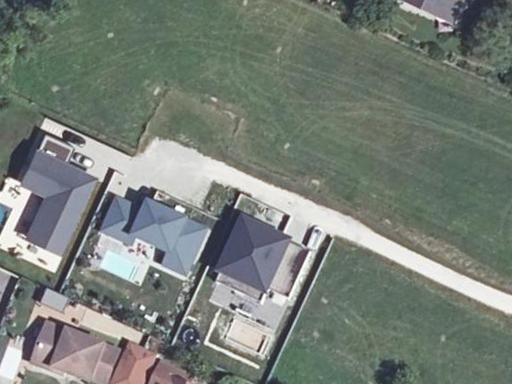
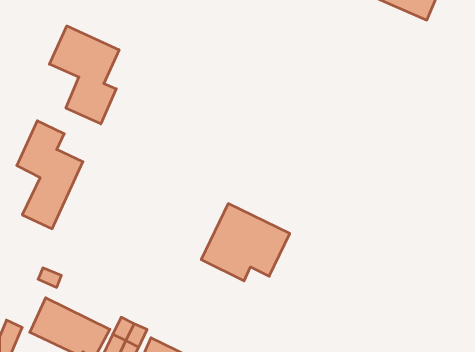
building: none -> [49,26,119,124]
building: [102,182,212,274] -> none

